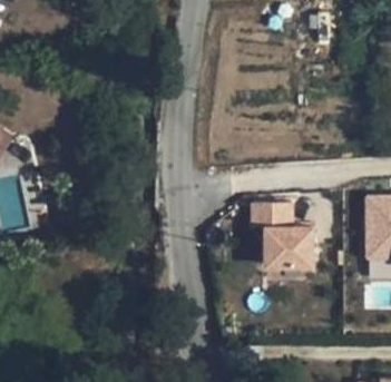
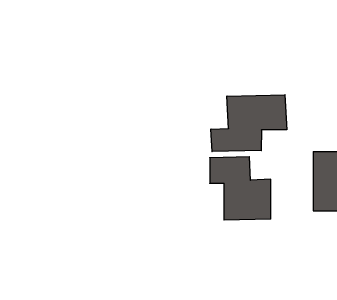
building: none -> [211,95,287,152]

